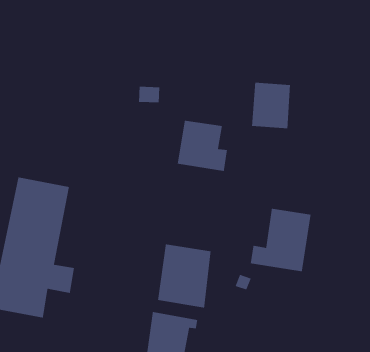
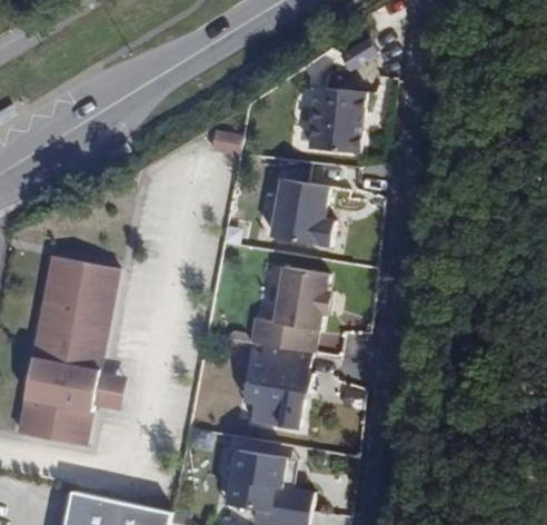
building: [251,82,291,129] -> [306,87,359,150]
building: [250,208,311,272] -> [250,268,334,355]

